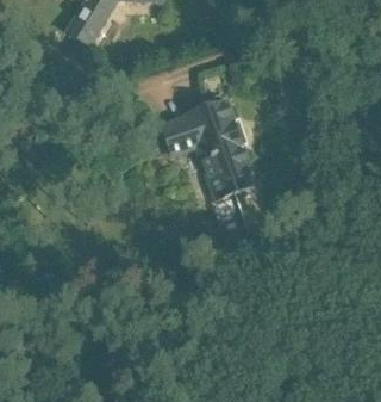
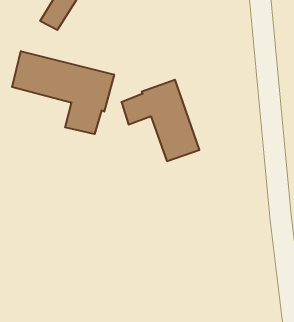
building: none -> [12,51,114,134]

